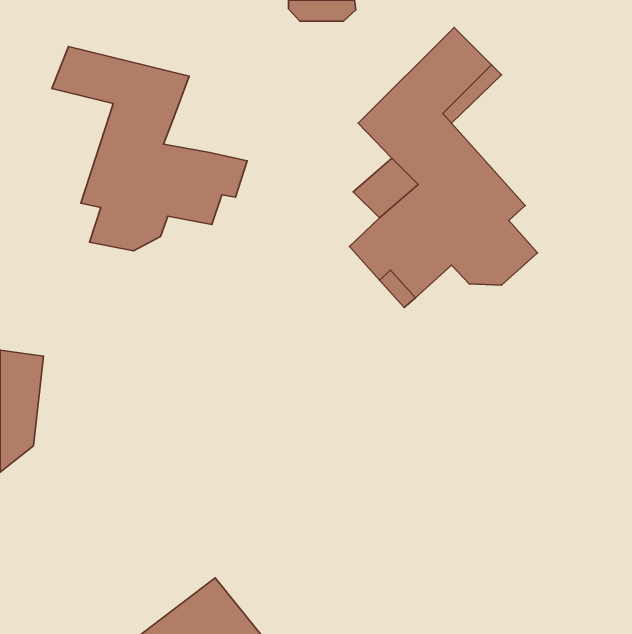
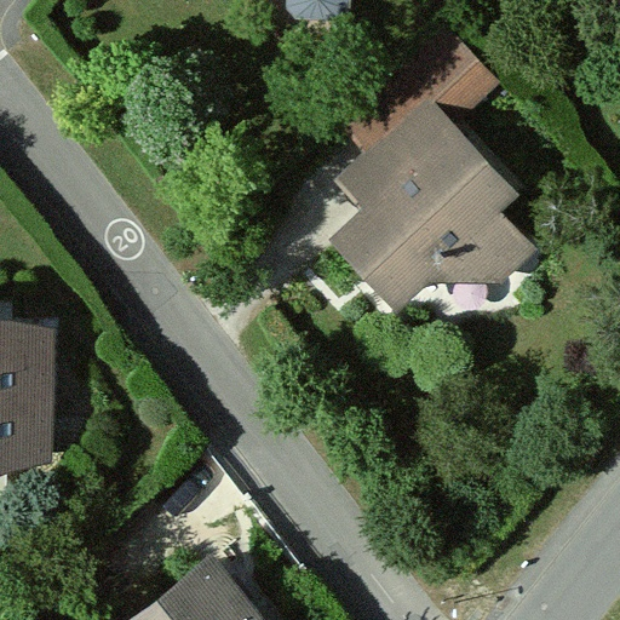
building: [52,47,247,251] -> none

